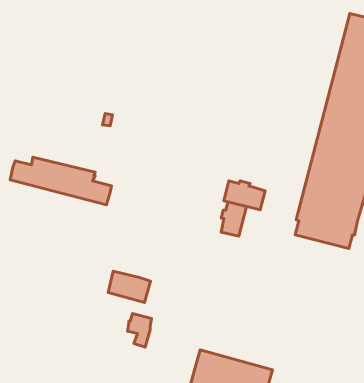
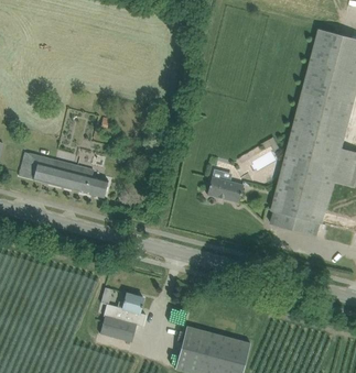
building: [221,202,246,236] -> none
building: [108,271,151,303] -> [100,314,138,341]

